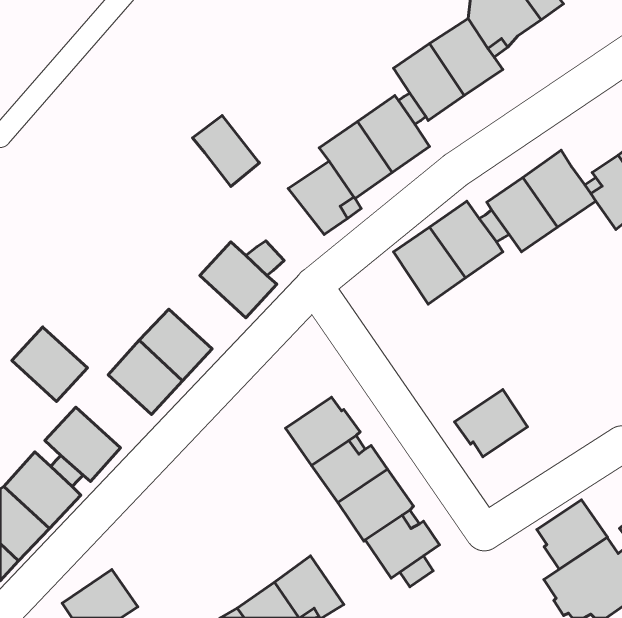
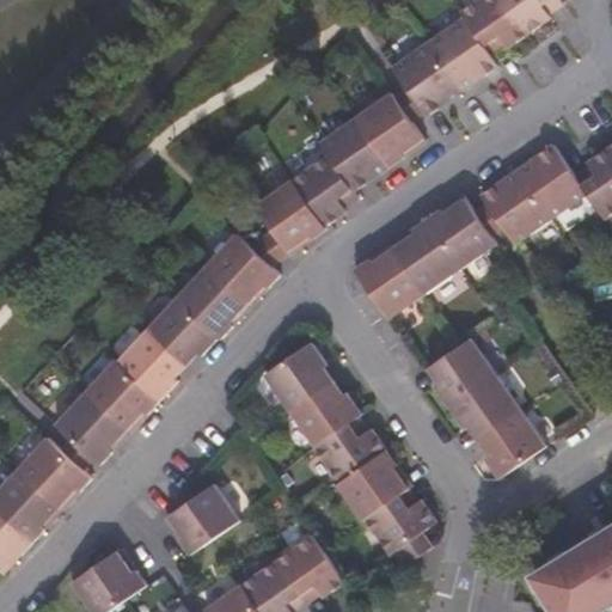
building: [192,116,260,186] -> [261,182,325,250]
building: none -> [354,243,424,318]
building: none -> [175,265,249,338]
building: [12,327,87,401] -> [85,360,158,432]
building: none -> [428,338,496,406]
building: none -> [263,344,331,412]
building: [537,500,608,569] -> [477,411,545,478]
building: none -> [164,484,239,555]

